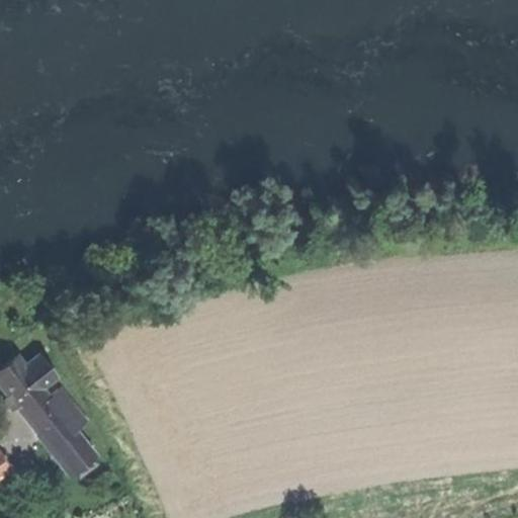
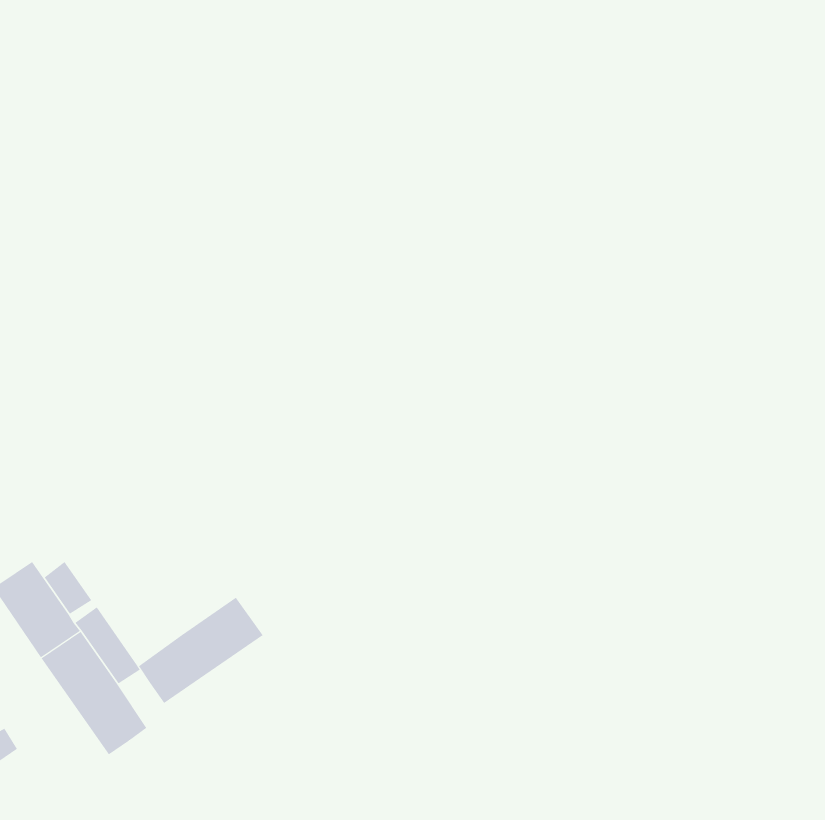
building: none -> [138,597,263,704]

